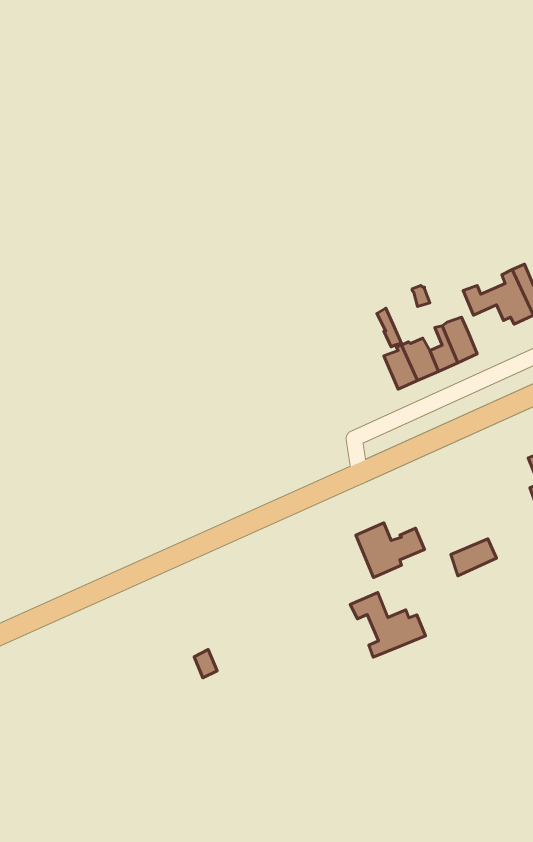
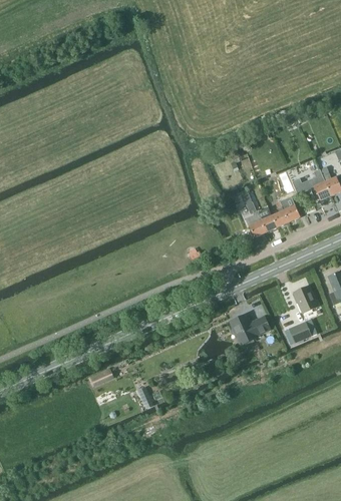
building: none -> [293,286,318,313]
building: [350,592,426,657] -> none

